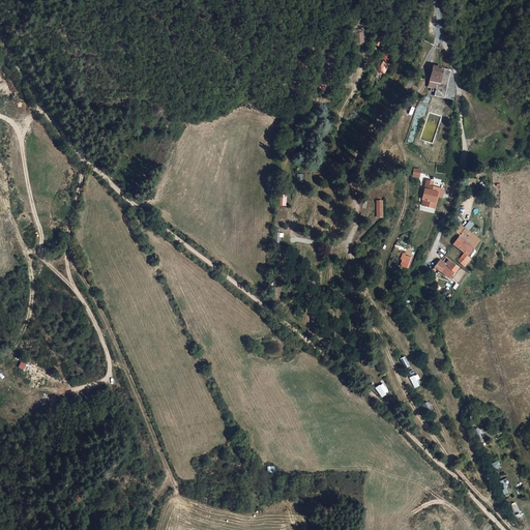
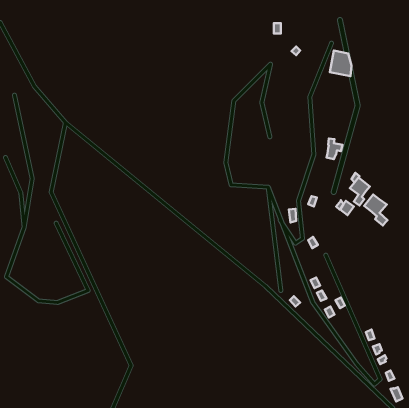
building: none -> [364,194,388,225]

